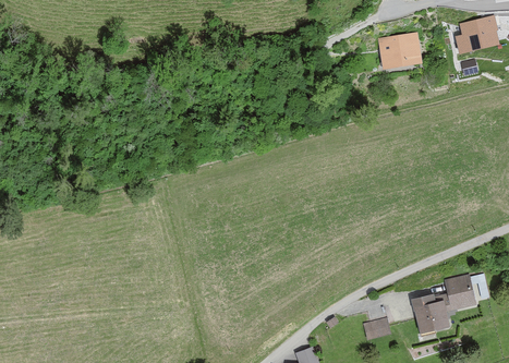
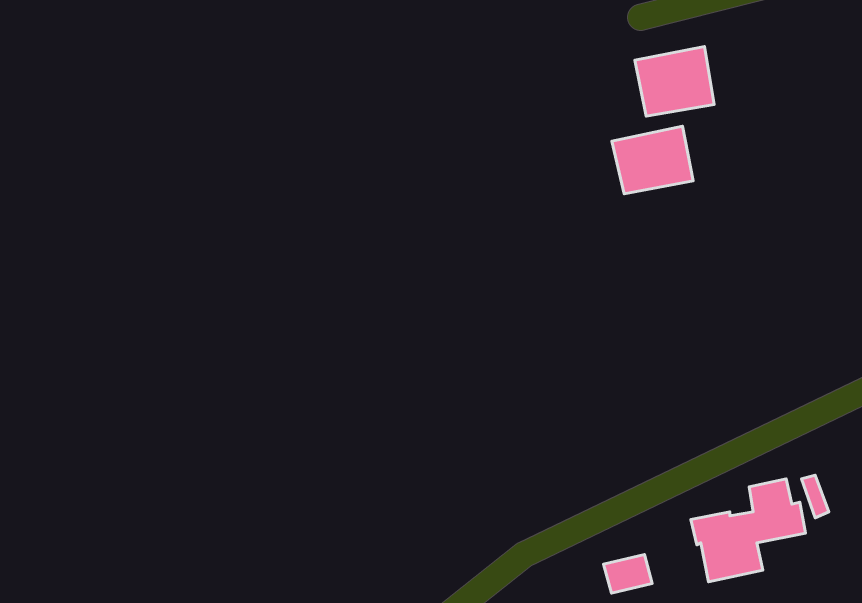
building: [455,17,496,52] -> none
building: none -> [612,126,693,194]

